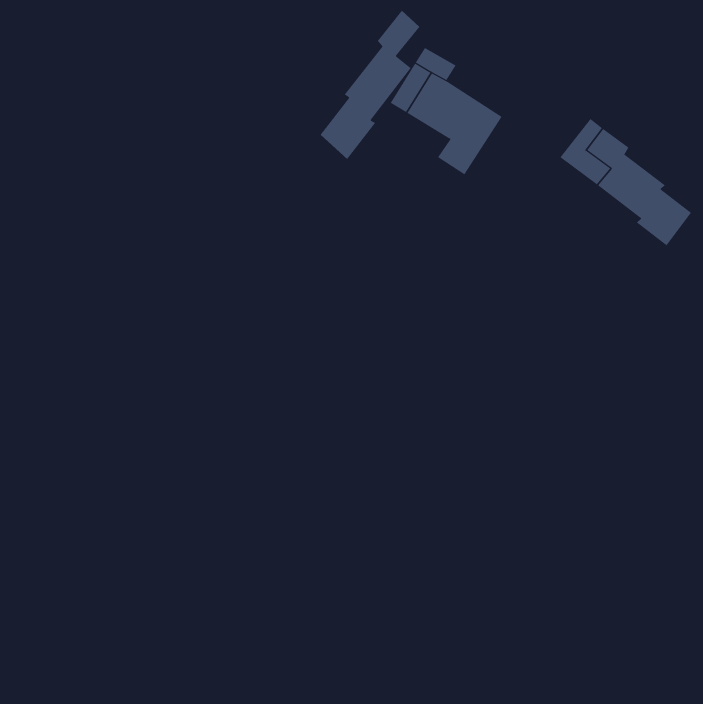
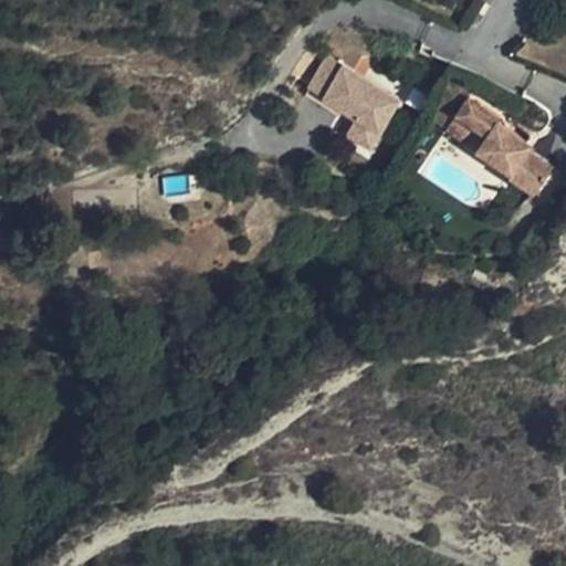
building: [320,10,420,160] -> none

